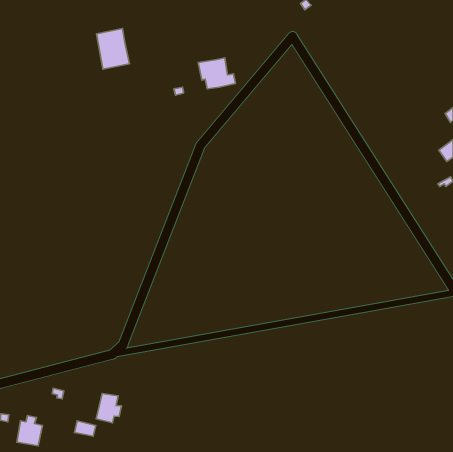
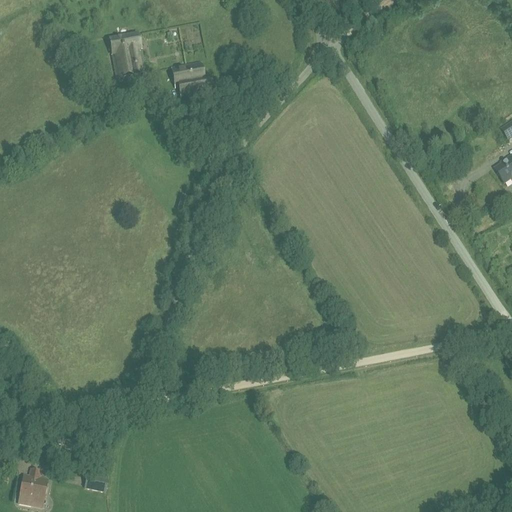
building: [198,58,235,89] -> [171,62,213,97]
building: [96,393,121,423] -> none

